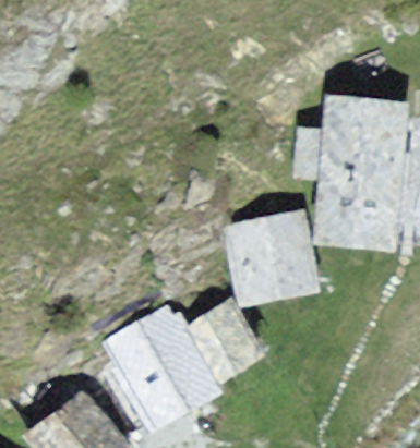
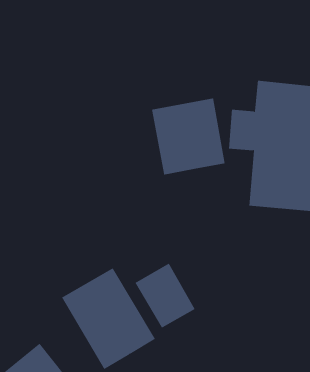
building: [229,214,313,301] -> [151,98,225,175]

